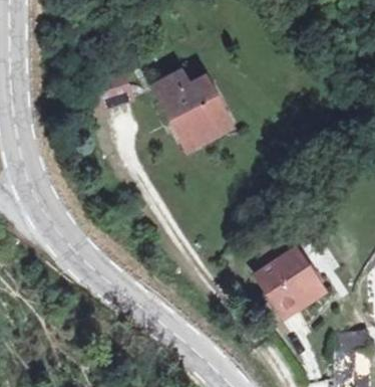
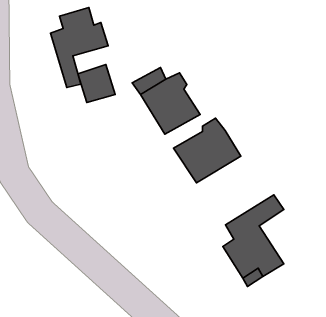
building: none -> [50,7,108,87]
building: none -> [174,118,241,183]

